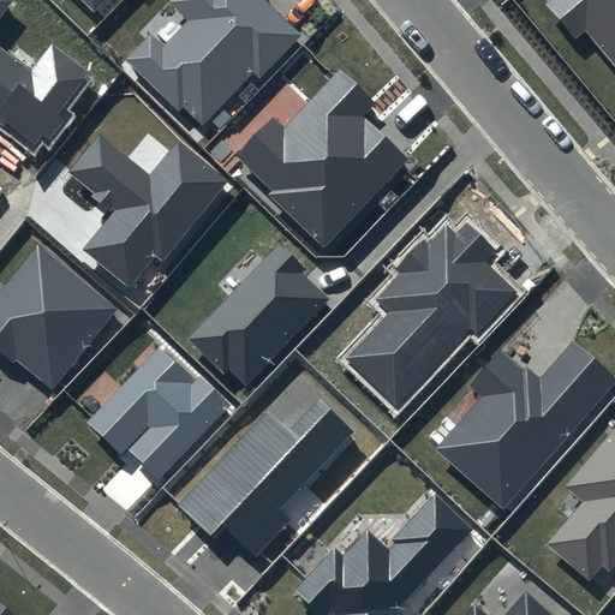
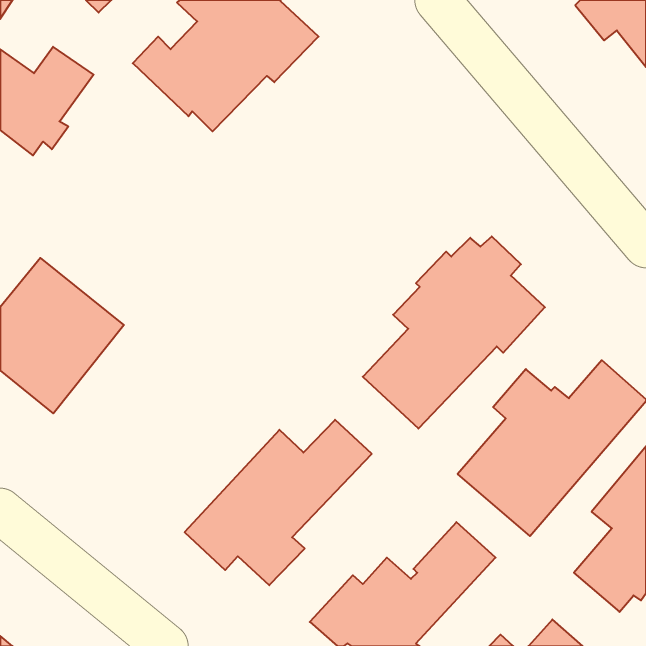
building: [237,70,410,247] -> none
building: [70,136,229,287] -> none
building: [186,243,328,386] -> none
building: [89,348,231,478] -> none

